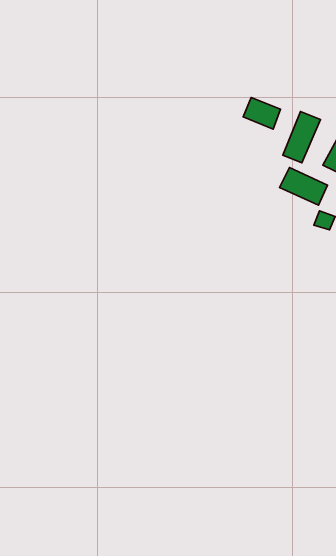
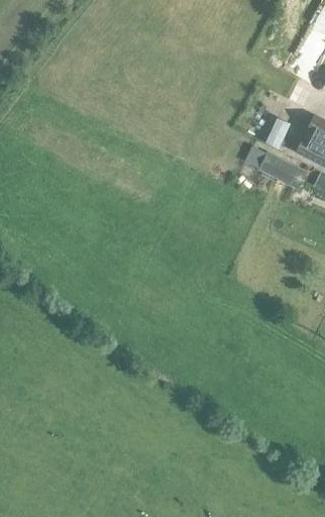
building: [243,98,281,129] -> none

